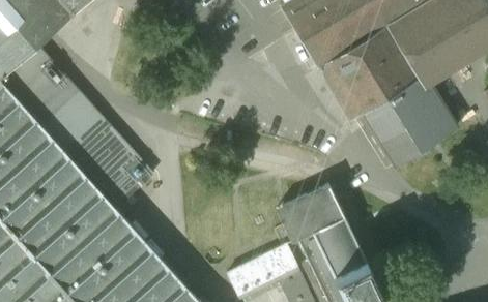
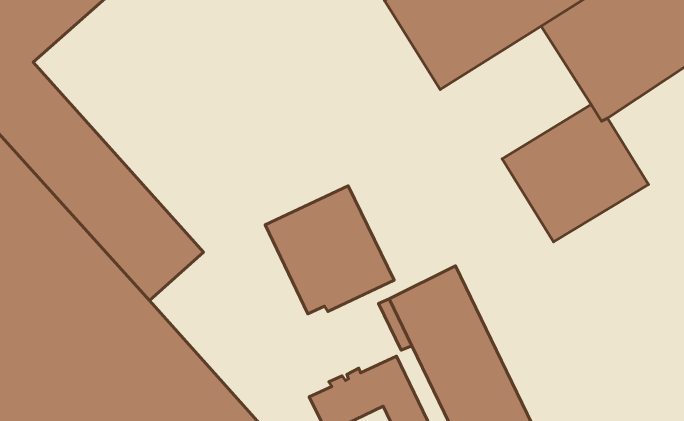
building: [314,21,418,118] -> none
building: none -> [265,186,394,314]

